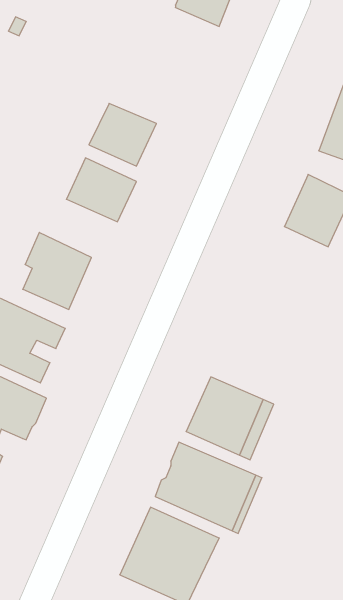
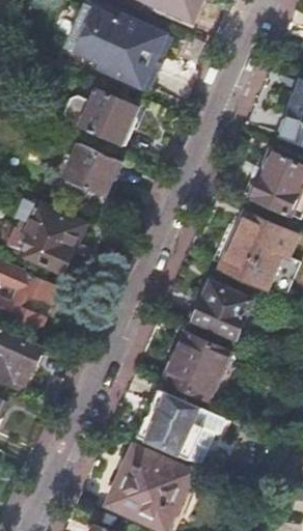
building: none -> [65,5,165,89]
building: none -> [213,211,297,288]
building: none -> [194,282,253,338]

